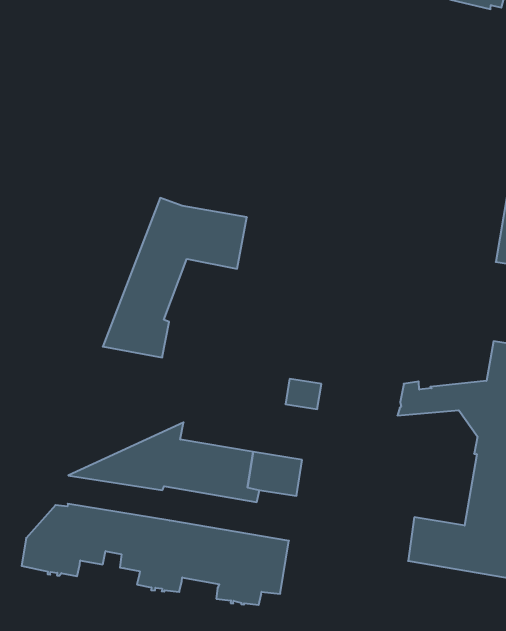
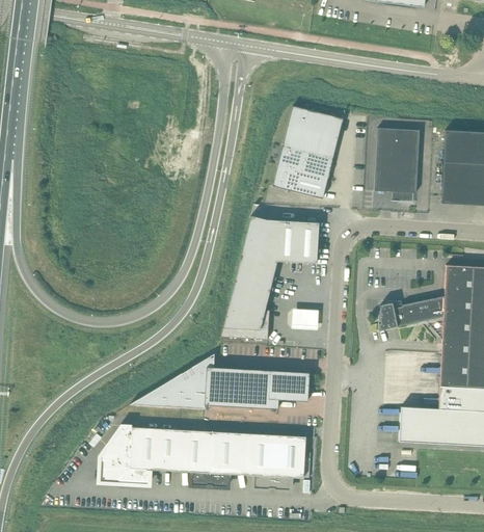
building: none -> [272,105,343,197]
building: none -> [373,128,419,202]
building: [103,198,247,357] -> [221,217,321,340]

